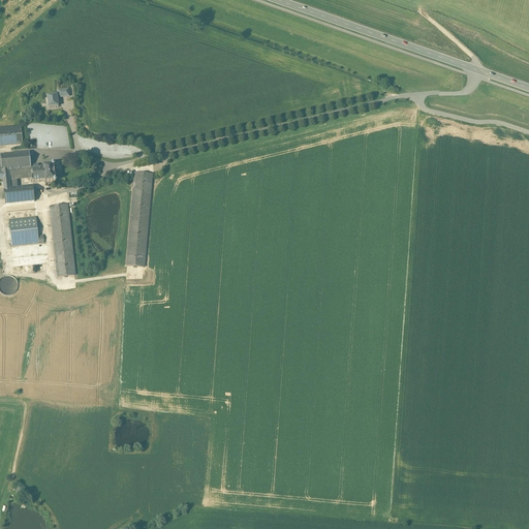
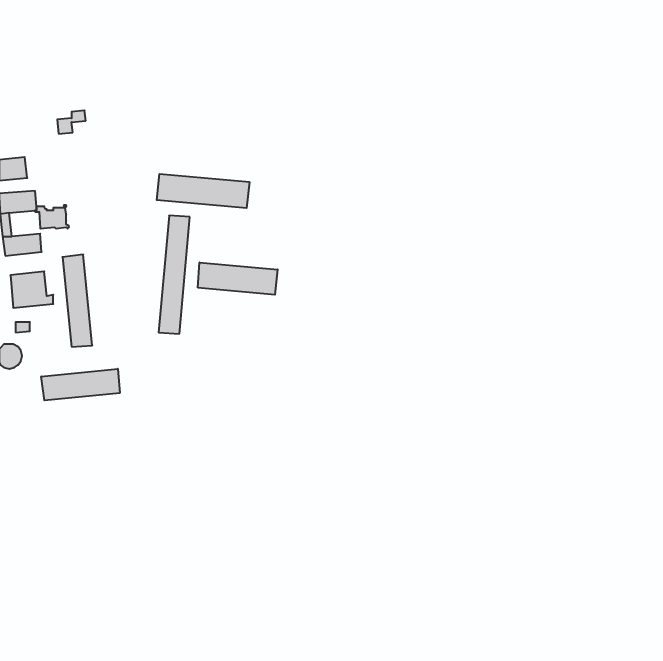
building: none -> [157,174,249,208]
building: none -> [198,262,278,295]
building: none -> [41,369,120,400]

